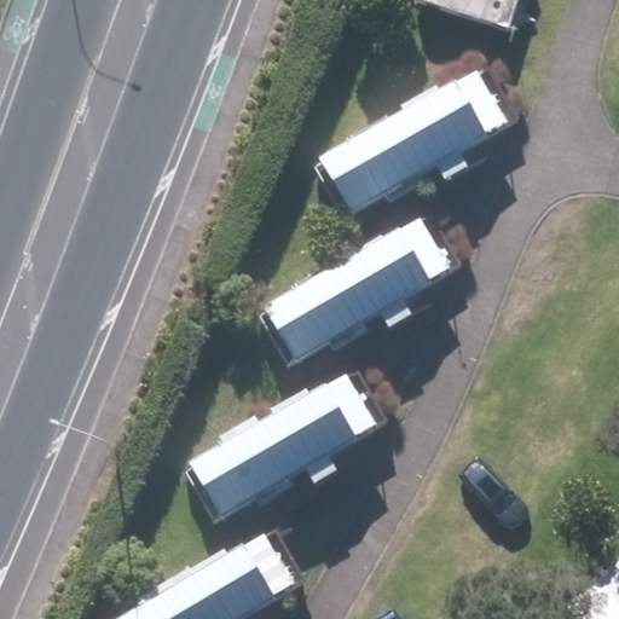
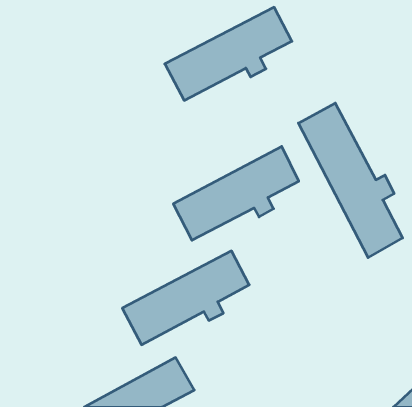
building: [316,73,505,212] -> [165,7,292,100]
building: none -> [298,103,403,258]

